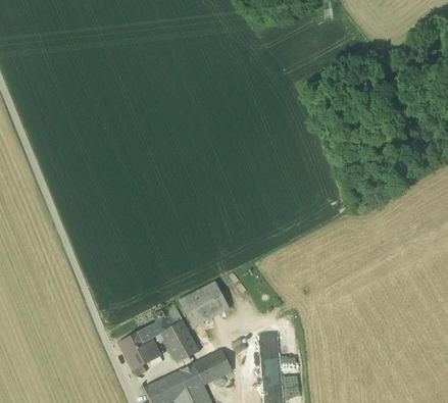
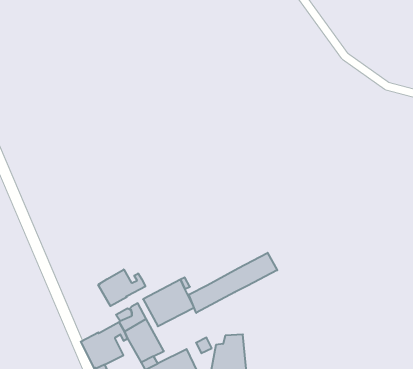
building: none -> [189,253,277,313]
building: none -> [98,269,145,306]

